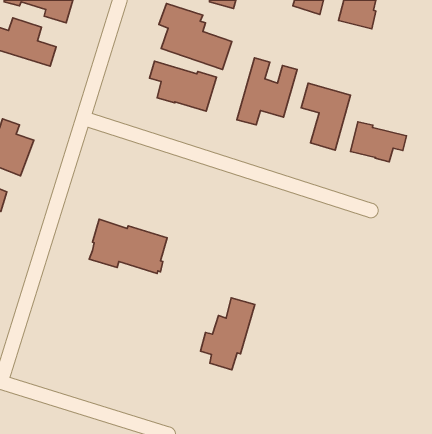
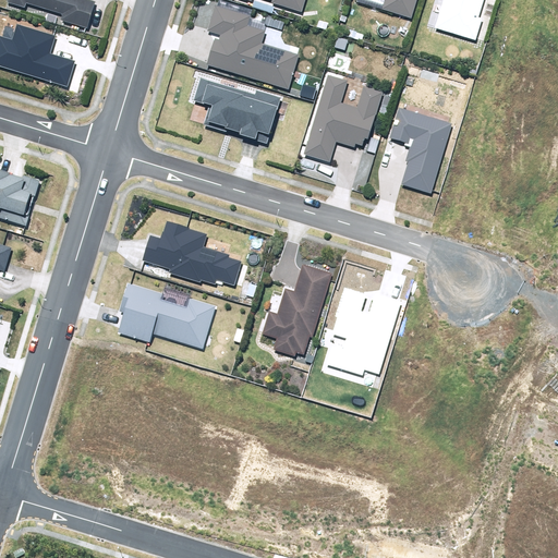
building: [350,122,406,162] -> none
building: none -> [141,219,240,286]
building: [201,298,255,370] -> [260,265,330,357]

